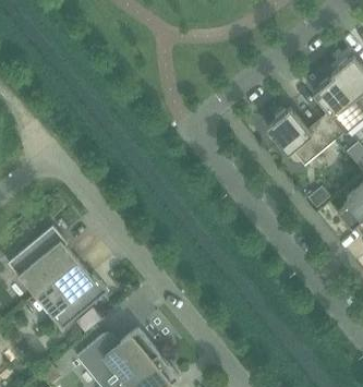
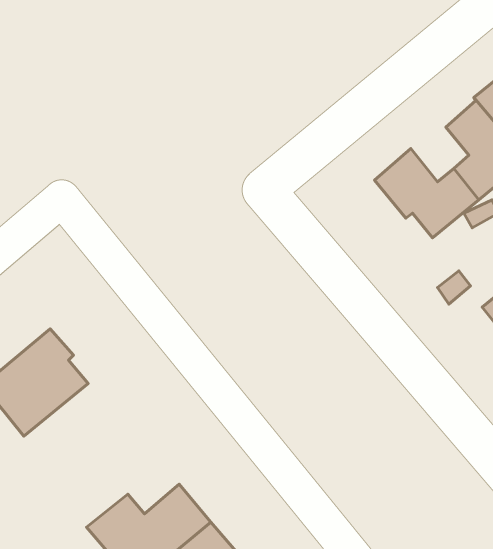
building: [34,262,107,329] -> none

